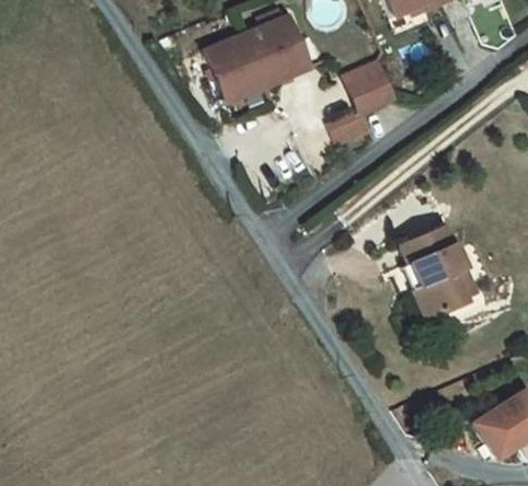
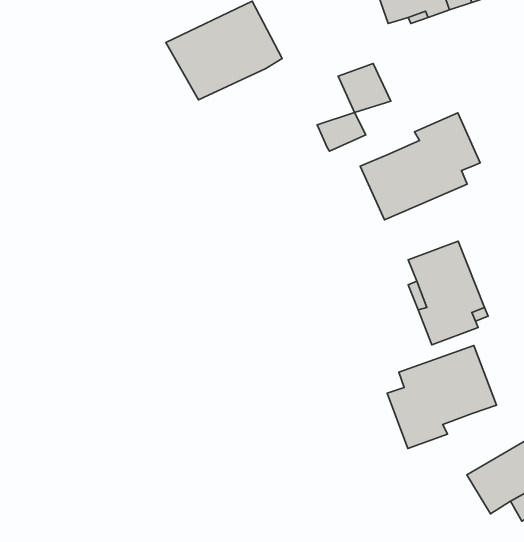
building: none -> [360,113,480,220]
building: none -> [387,345,496,449]

